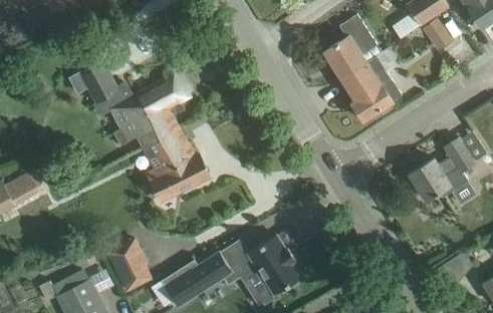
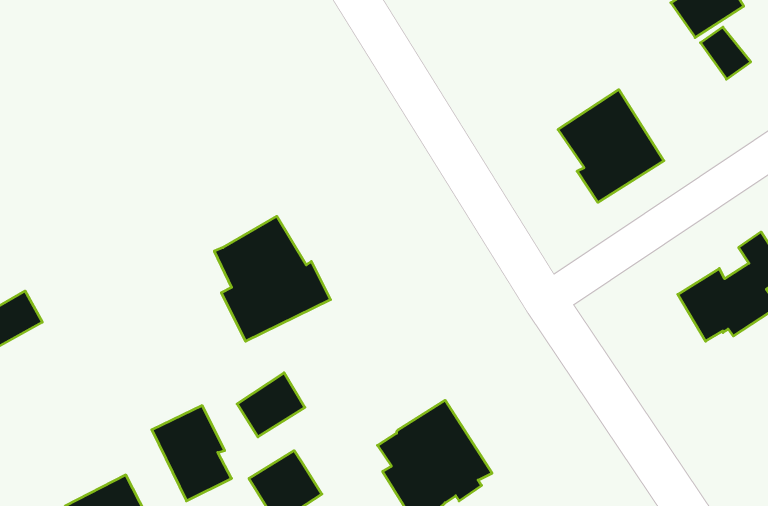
building: [324,14,381,78] -> none
building: [81,61,190,148] -> none
building: [192,252,231,289] -> [237,373,305,437]

